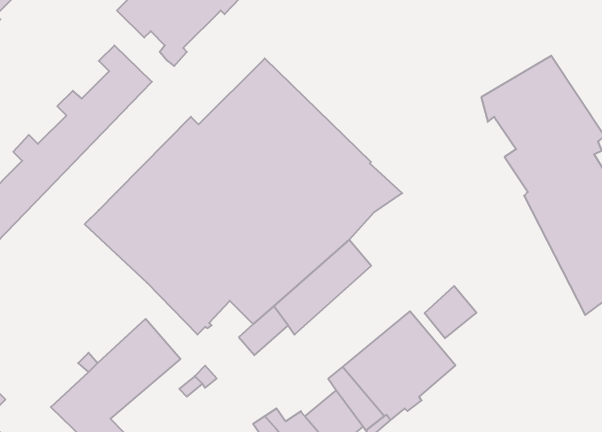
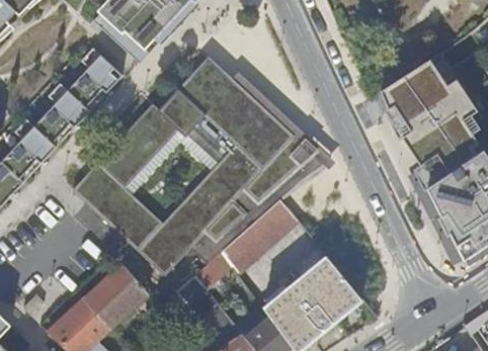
building: [425,286,476,338] -> none

